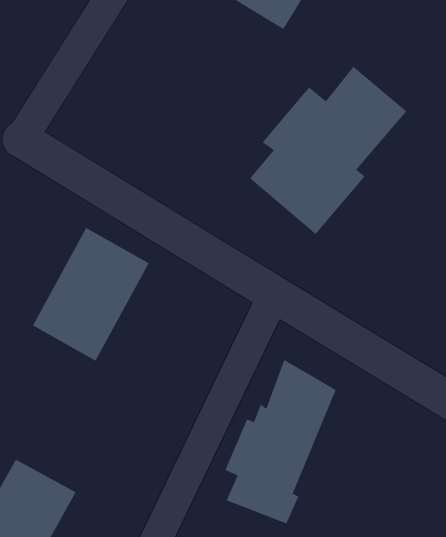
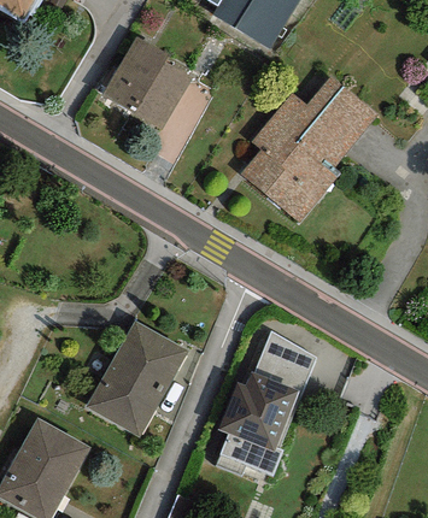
building: none -> [101,36,195,128]
building: [32,227,150,361] -> [86,319,188,436]

